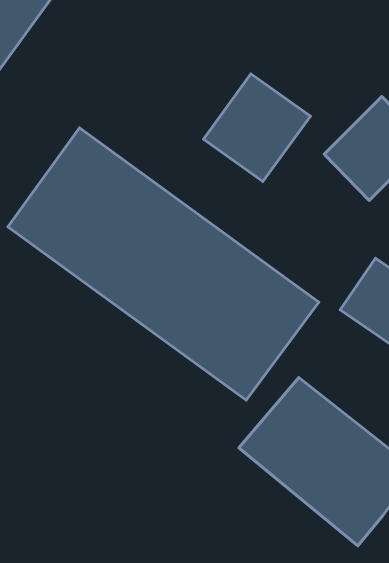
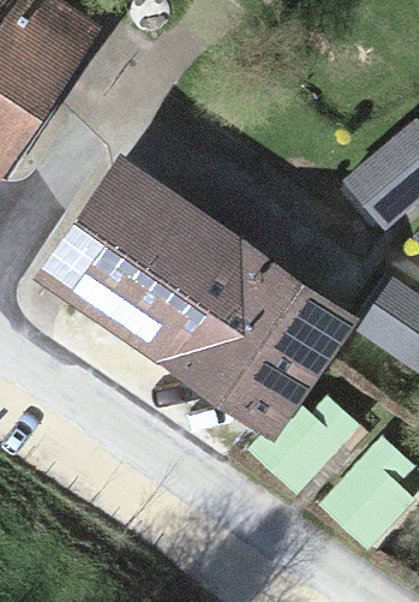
building: [203,74,310,182] -> none

